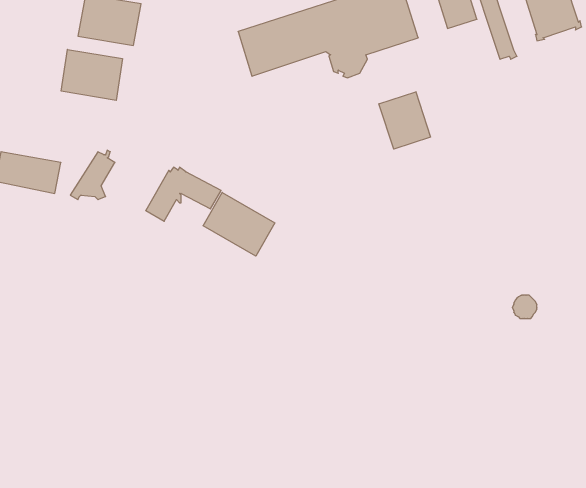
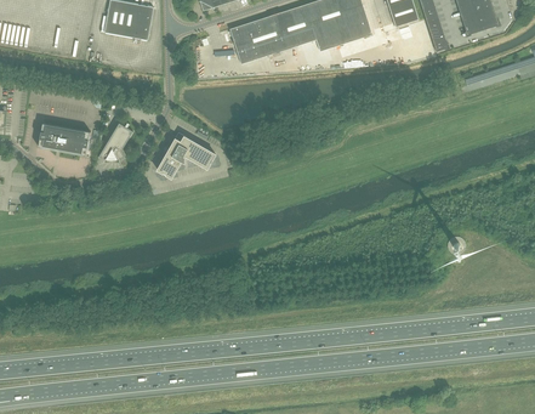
building: [61,49,122,100] -> none
building: [379,92,431,149] -> none
building: [203,192,275,256] -> none

